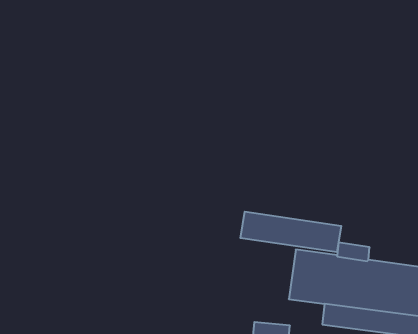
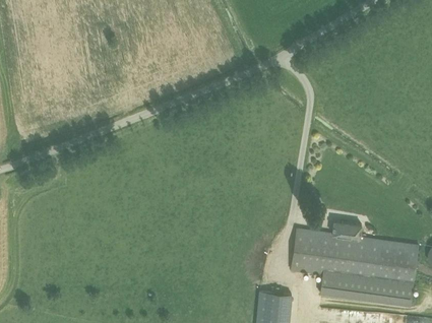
building: [240,212,341,252] -> none

